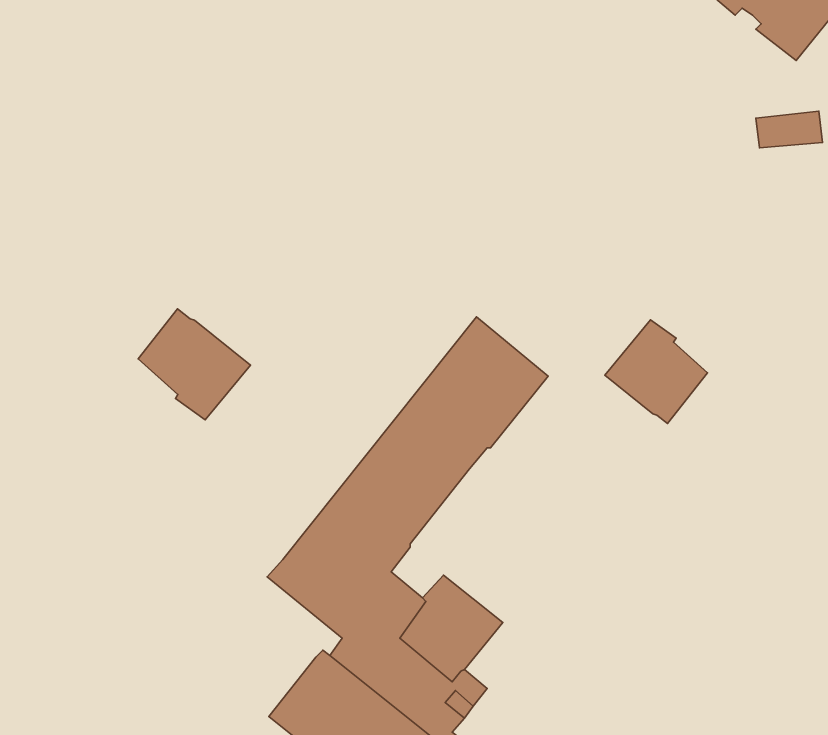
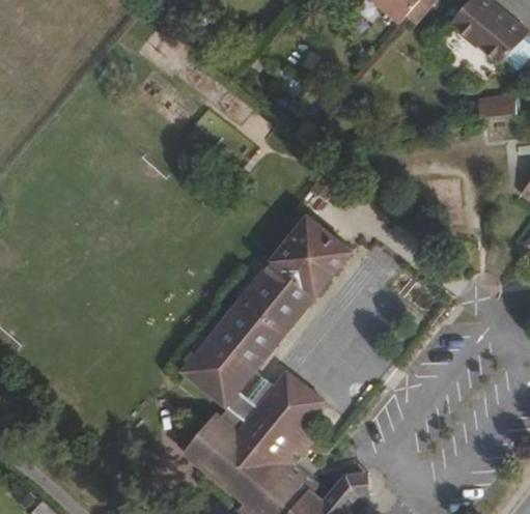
building: [138,309,250,420] -> none
building: [605,320,707,424] -> none

